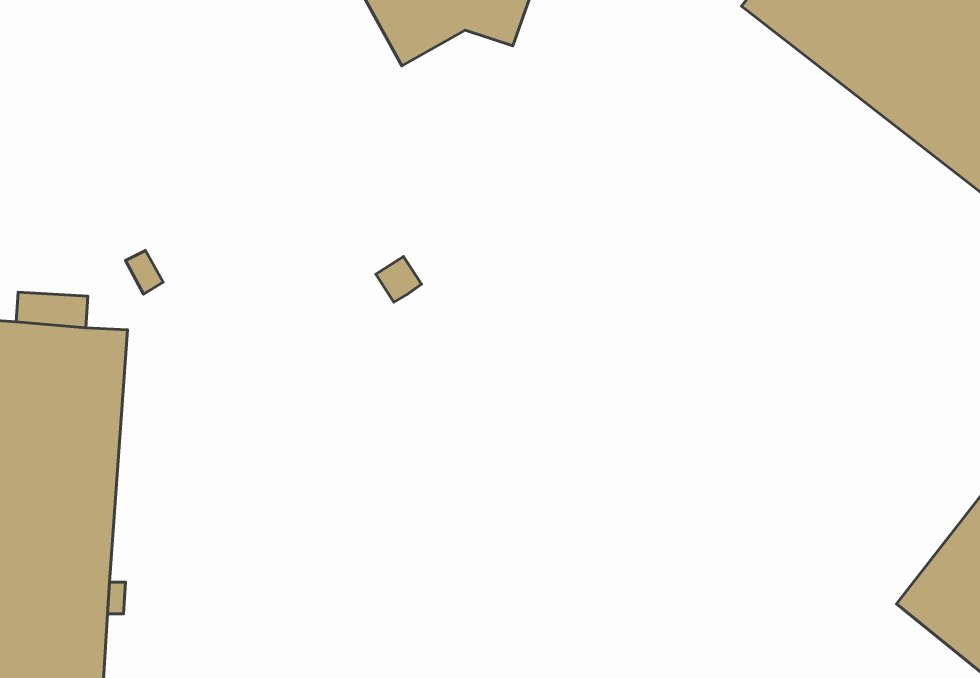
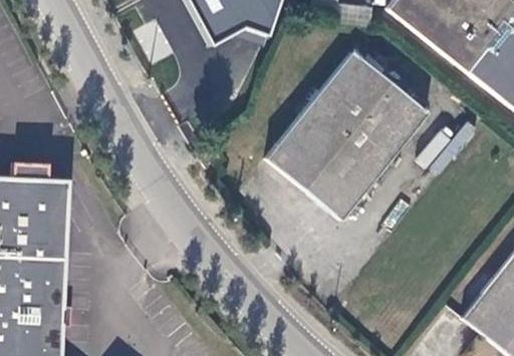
building: none -> [264,53,426,219]

